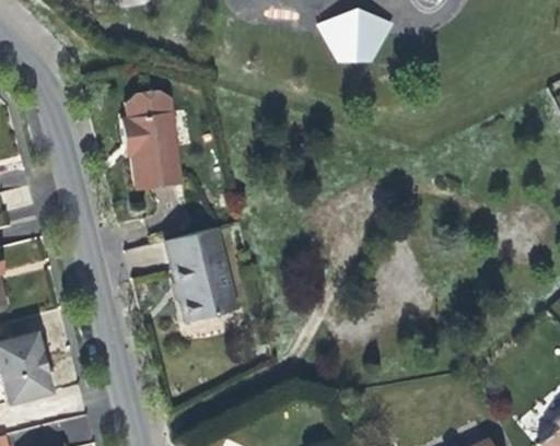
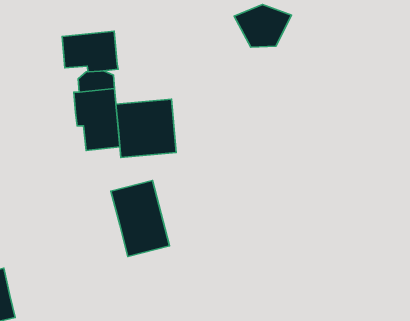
building: none -> [62,31,118,72]
building: none -> [116,99,176,158]

